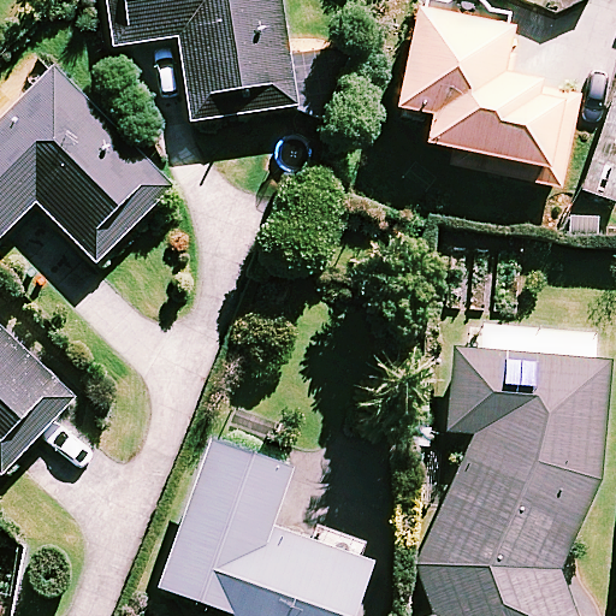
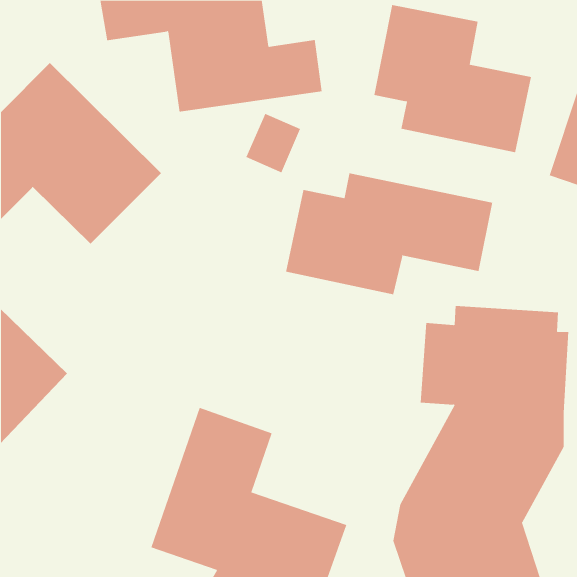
building: none -> [286,173,493,295]

